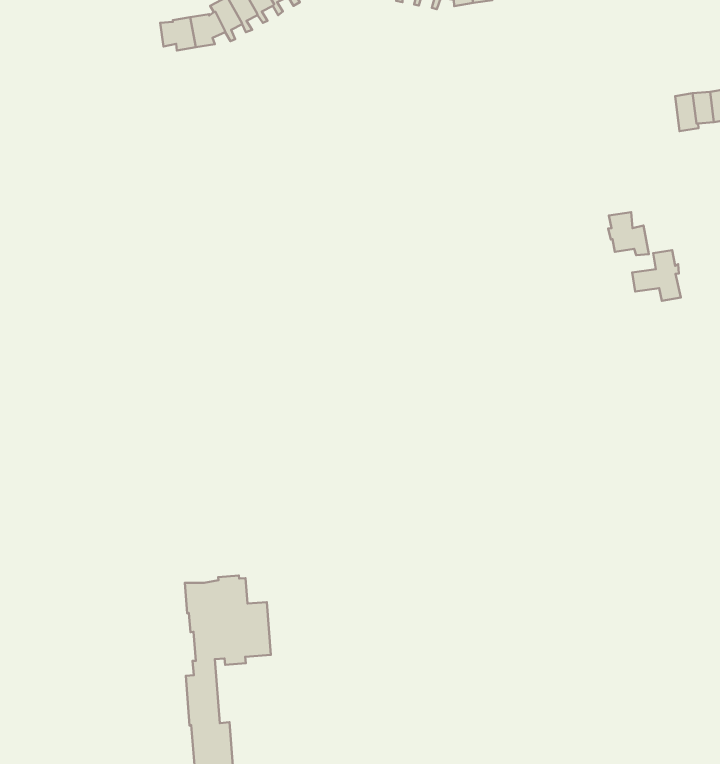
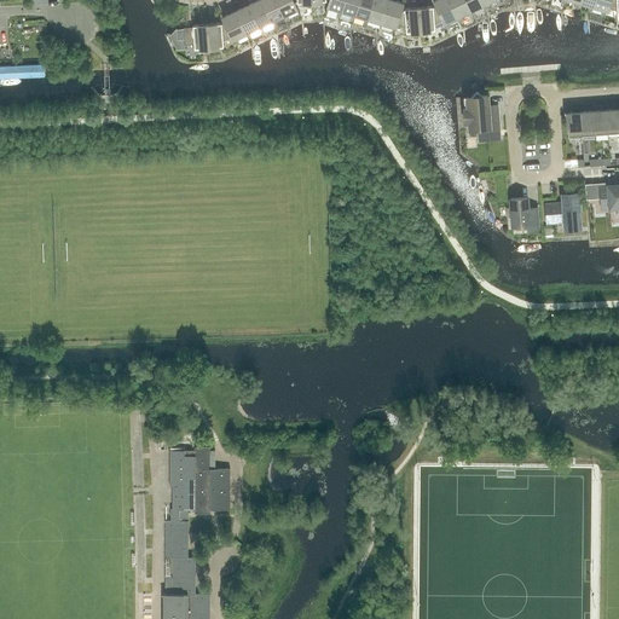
building: none -> [463,92,499,139]
building: [632,250,681,301] -> [545,192,580,230]

